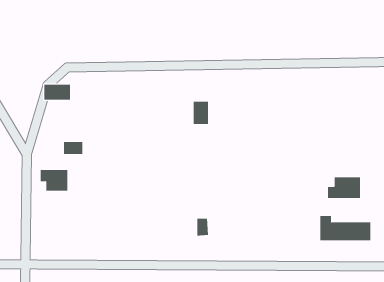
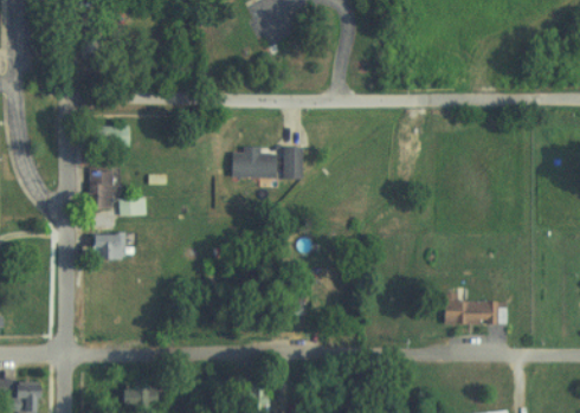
building: none -> [232,148,277,178]
building: none -> [90,173,115,211]
building: [328,176,360,199] -> none

